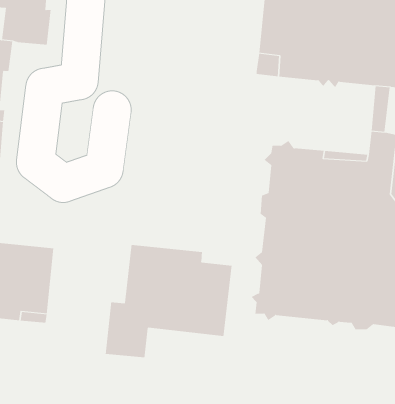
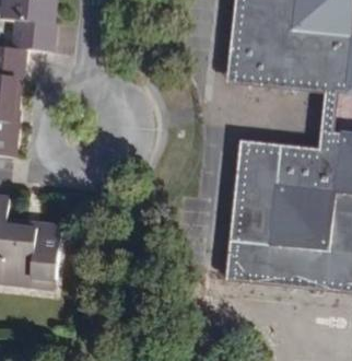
building: [105,244,232,358] -> none

